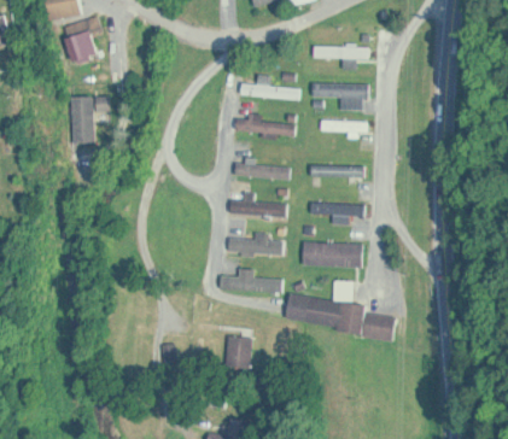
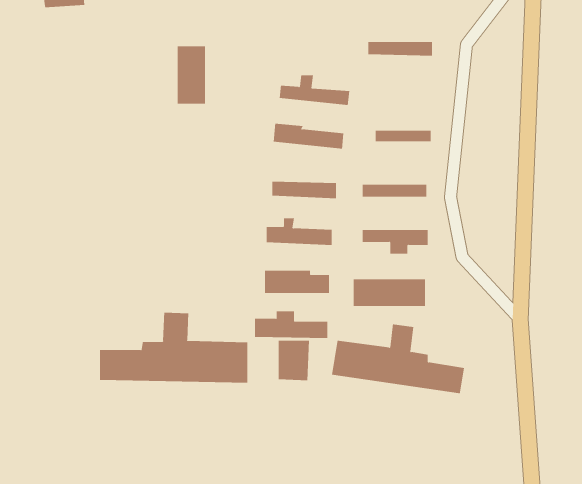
building: [60,18,100,63] -> none
building: [311,83,366,110] -> none
building: [71,96,95,145] -> [177,46,206,104]
building: none -> [99,312,248,383]
building: [226,338,252,371] -> [278,340,310,381]

